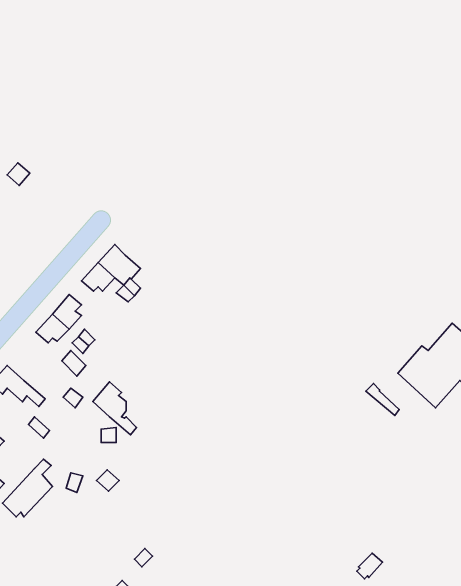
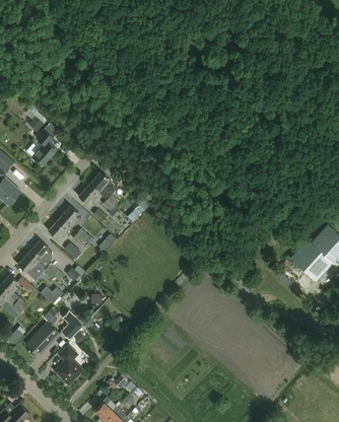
building: none -> [31,129,57,166]
building: [93,382,137,435] -> [28,239,58,275]
building: none -> [55,346,82,385]

